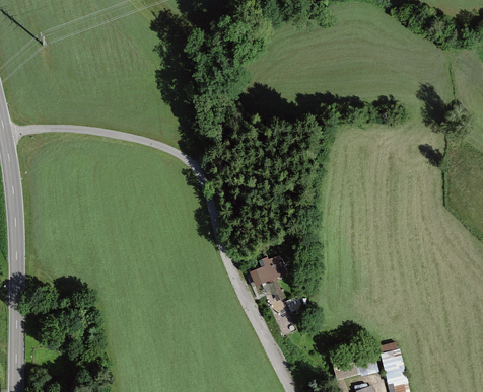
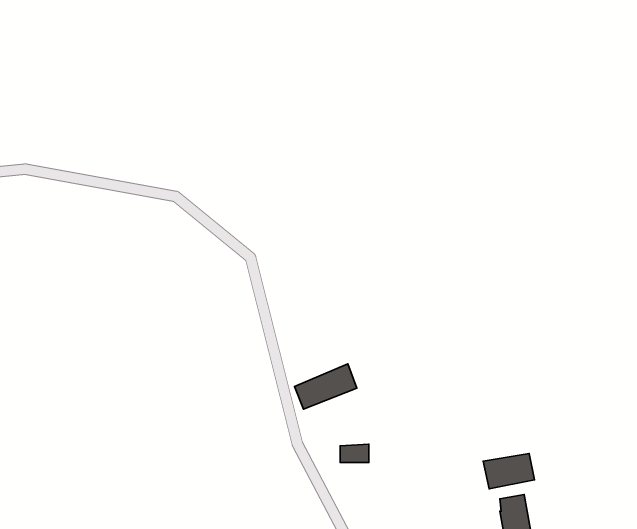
building: none -> [483,453,535,489]

